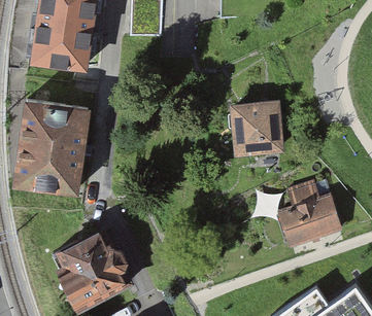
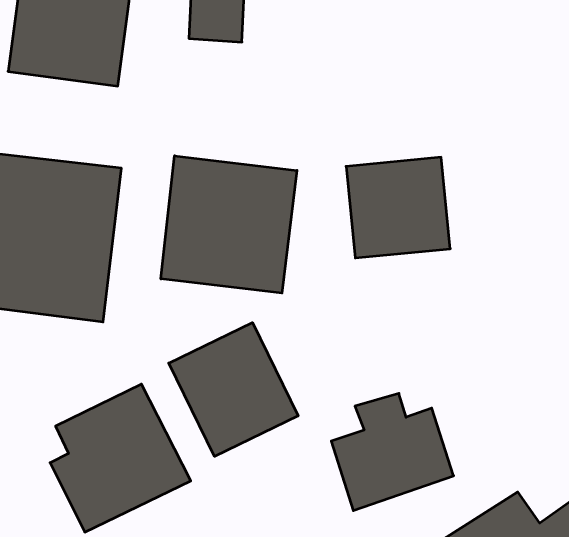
building: none -> [161,156,297,293]
building: [269,187,338,253] -> [331,393,454,511]
building: none -> [169,323,298,456]

